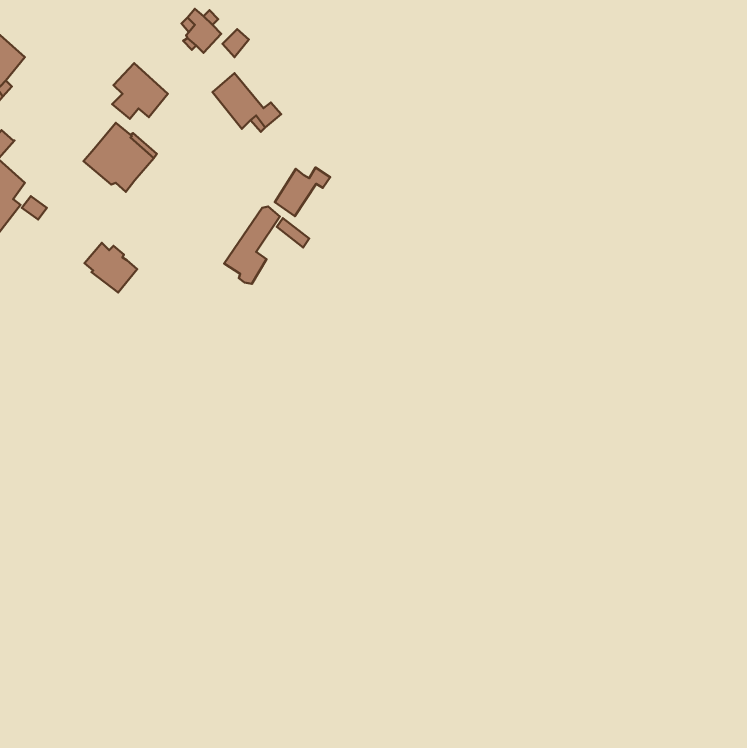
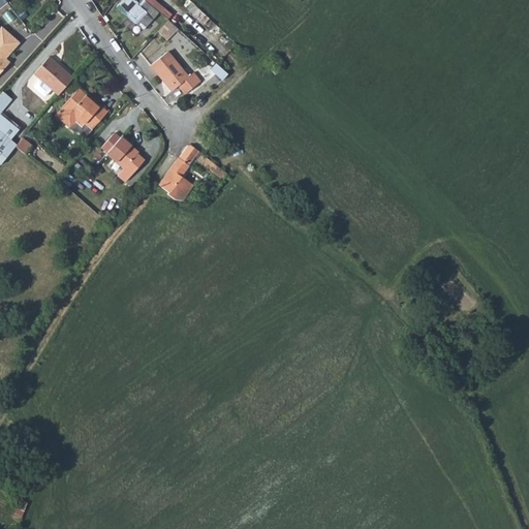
building: [112,63,168,119] -> [32,58,71,97]
building: [275,168,330,216] -> none
building: [84,243,137,293] -> [104,131,142,166]

